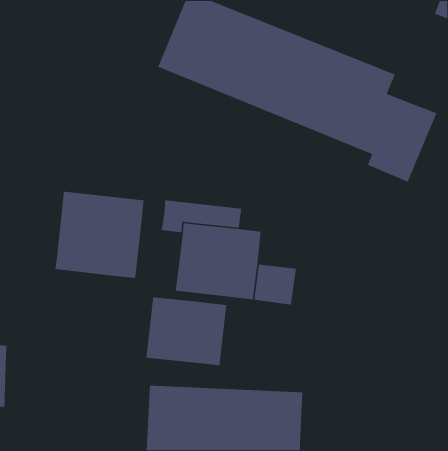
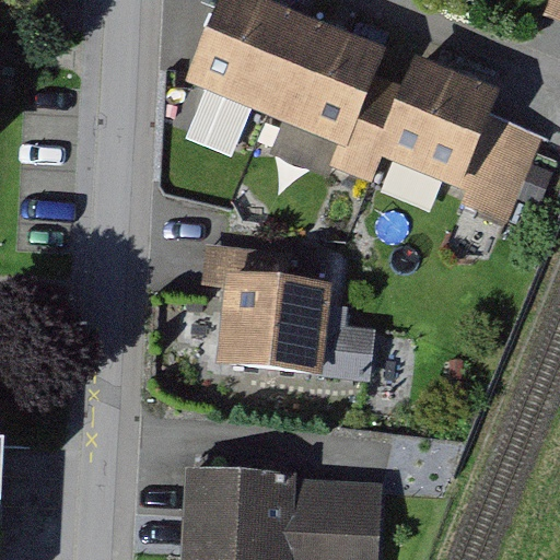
building: [55,191,145,279] -> none
building: [146,296,227,366] -> none

